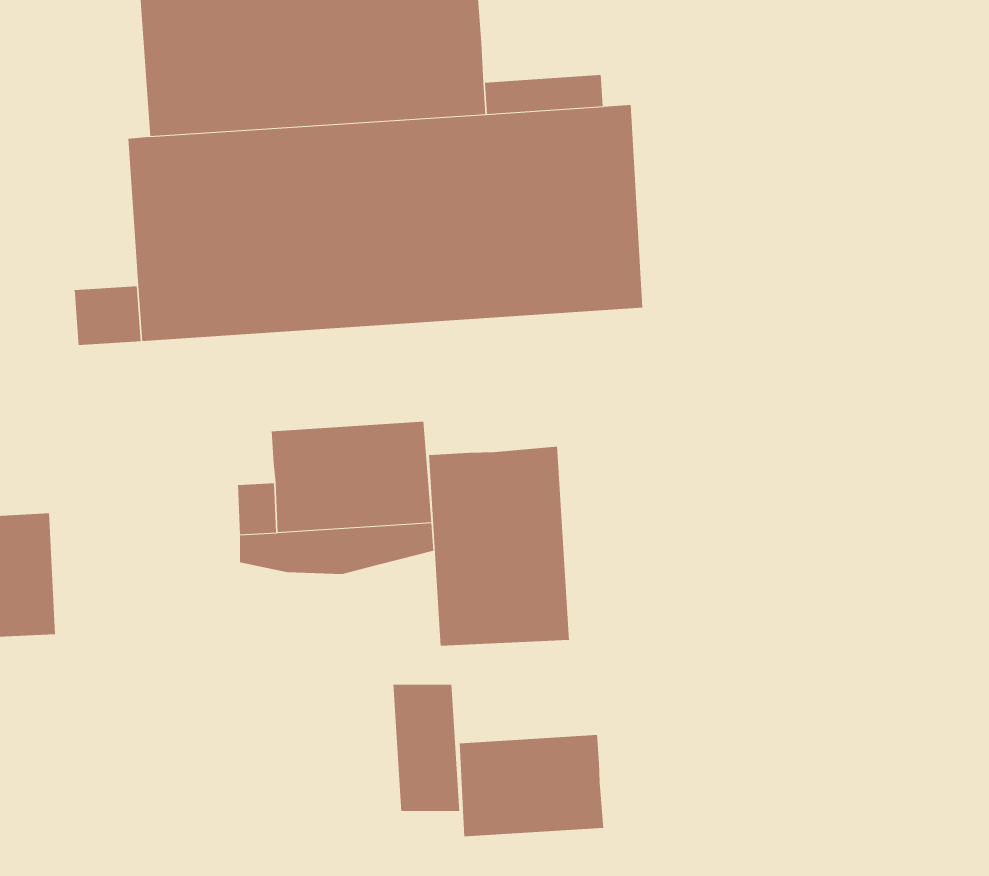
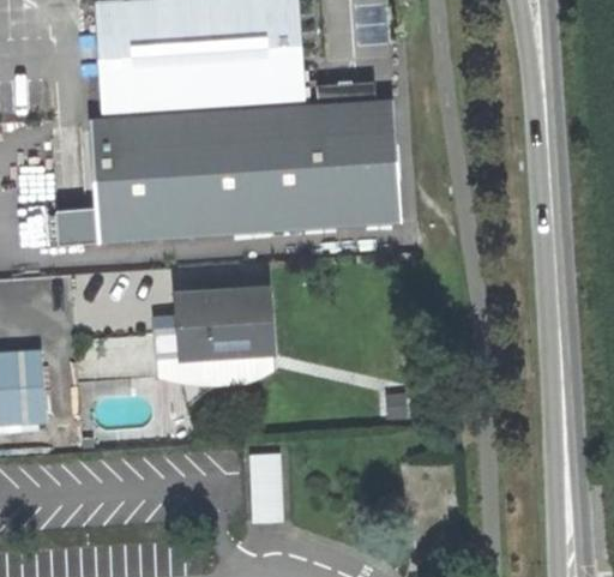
building: [428,446,569,647] -> none
building: [459,734,604,837] -> none

